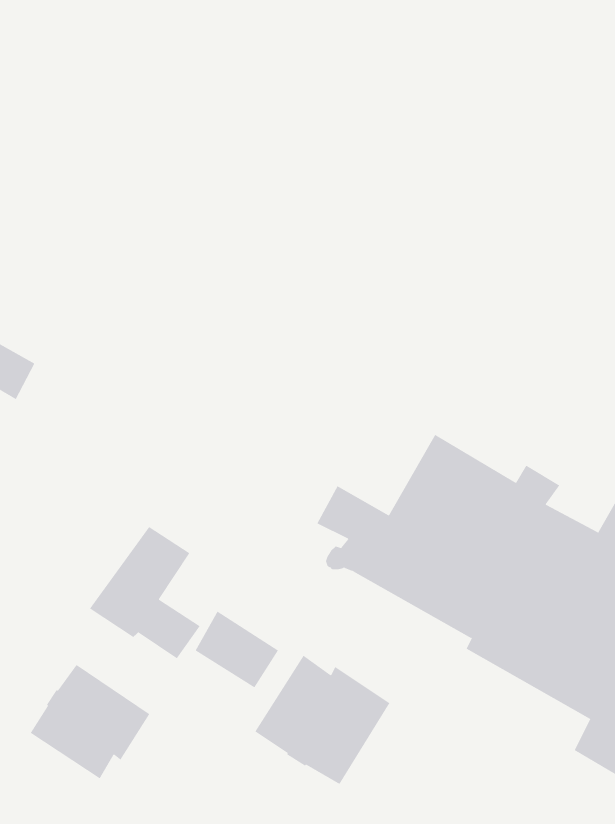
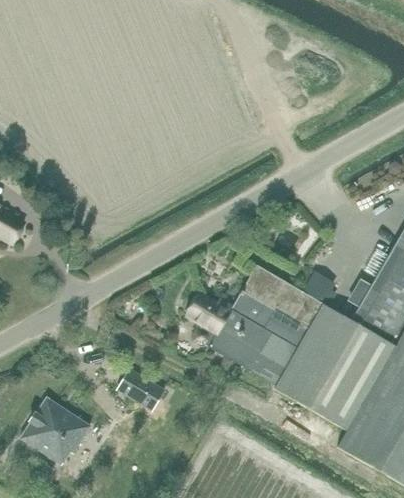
building: [89,526,200,659] -> none
building: [255,655,390,785] -> none

